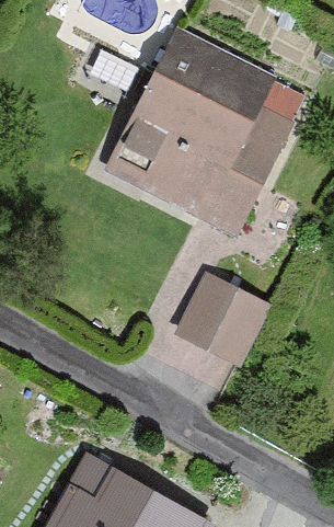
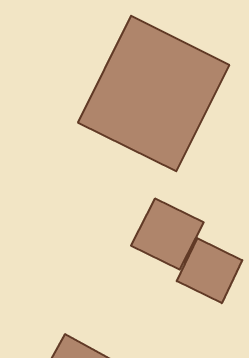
building: none -> [177,238,242,303]

